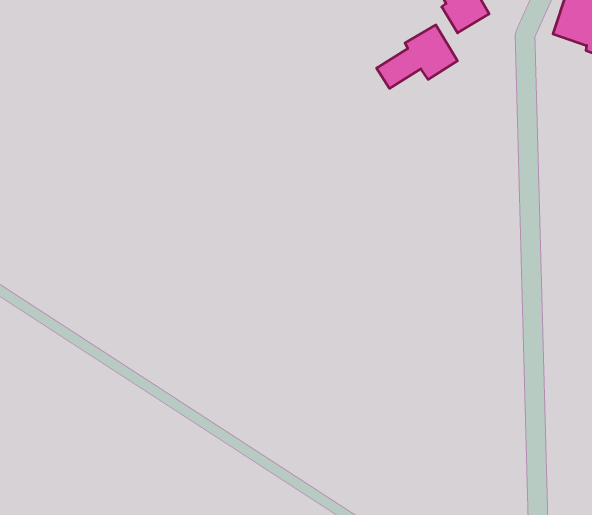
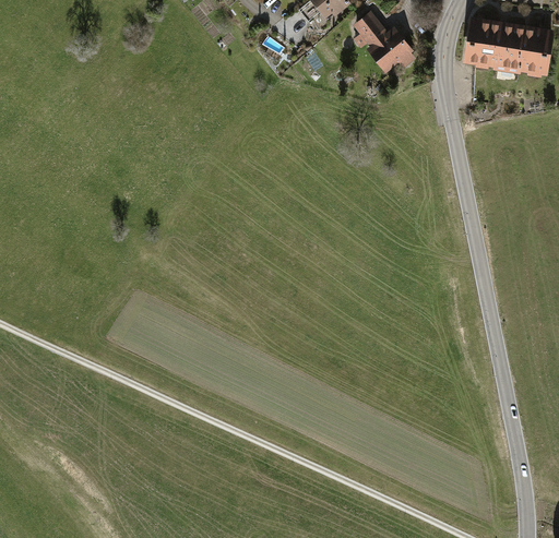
building: [377,25,457,88] -> none

